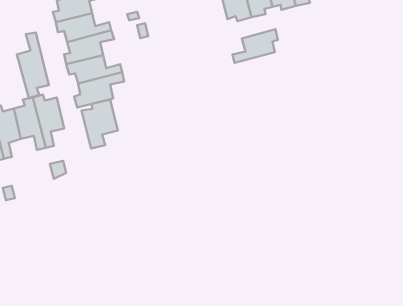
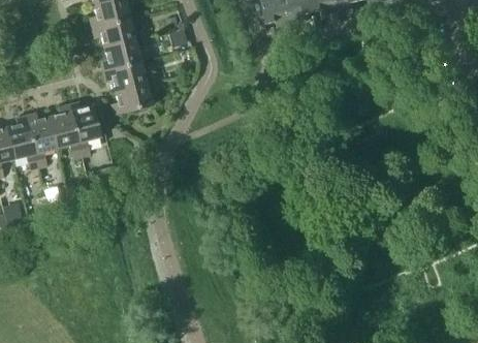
building: [232,29,278,63] -> none
building: [17,32,49,98] -> none
building: [81,100,118,149] -> none

